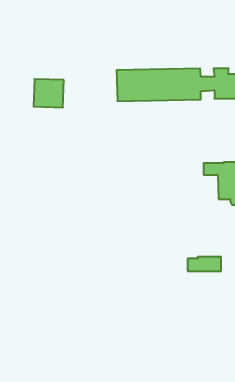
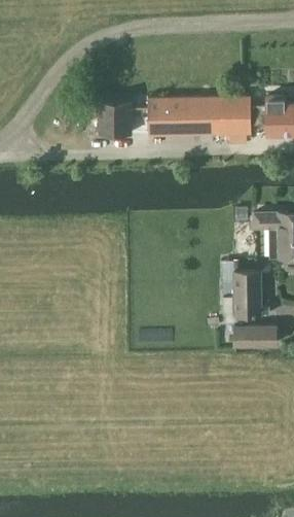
building: [34,79,64,107] -> [96,100,133,135]
building: none -> [223,272,269,316]

